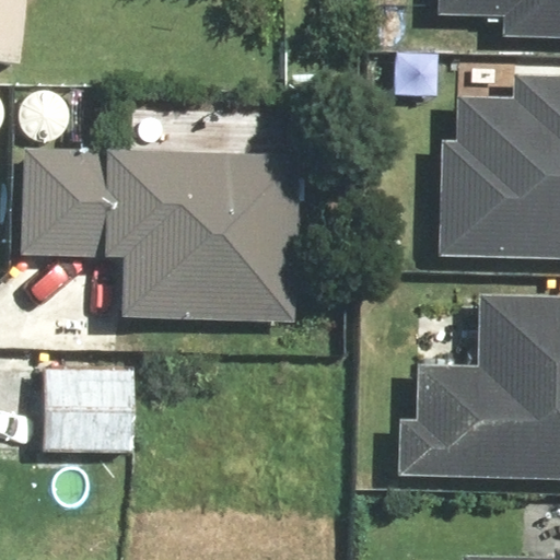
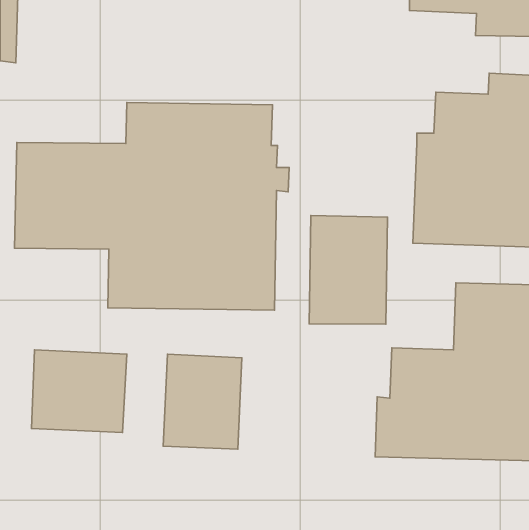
building: none -> [309,216,387,324]
building: none -> [163,354,242,449]

